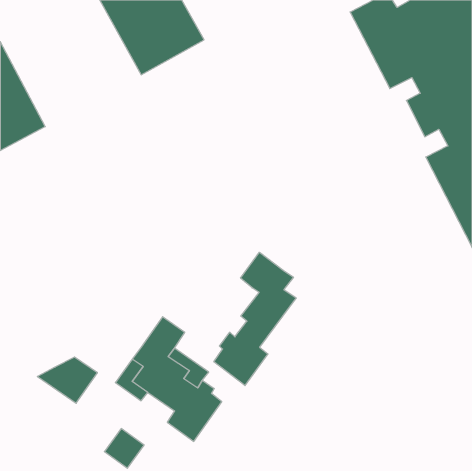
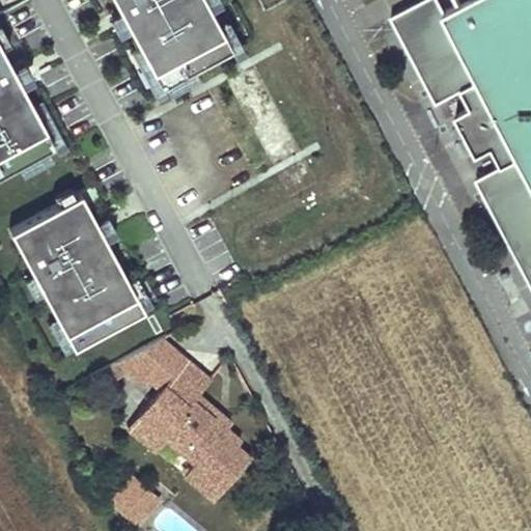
building: none -> [7,192,142,348]
building: [214,252,296,386] -> none
building: [37,357,97,403] -> [115,339,183,391]

